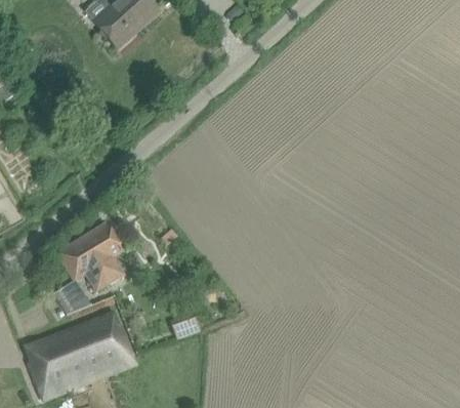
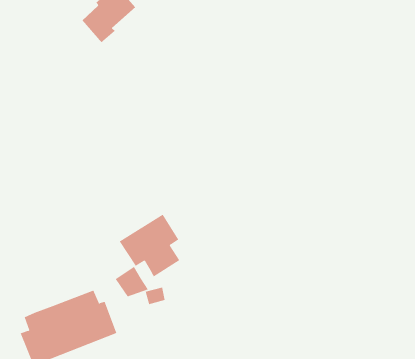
building: [53,222,124,313] -> [115,214,180,297]

